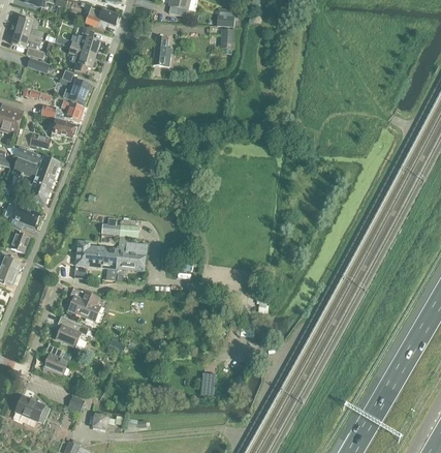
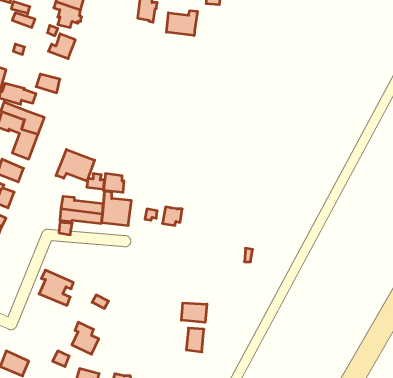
building: none -> [166,11,197,36]
building: [40,100,83,121] -> none
building: none -> [56,149,95,181]
building: [66,286,102,321] -> none
building: [41,343,68,375] -> [72,322,99,354]
building: none -> [181,303,207,322]

